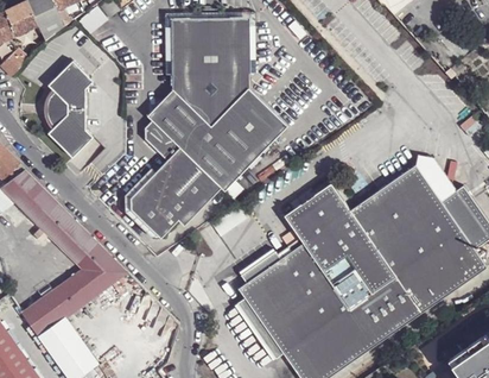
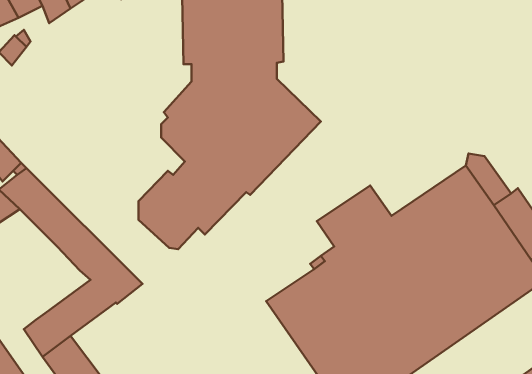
building: [44,61,93,157] -> none

